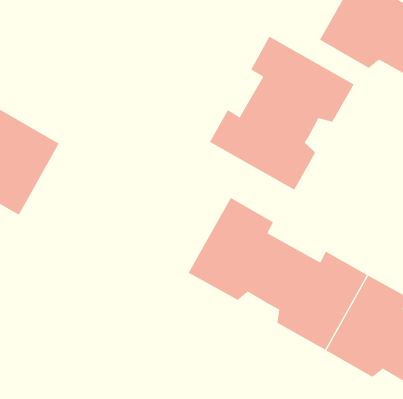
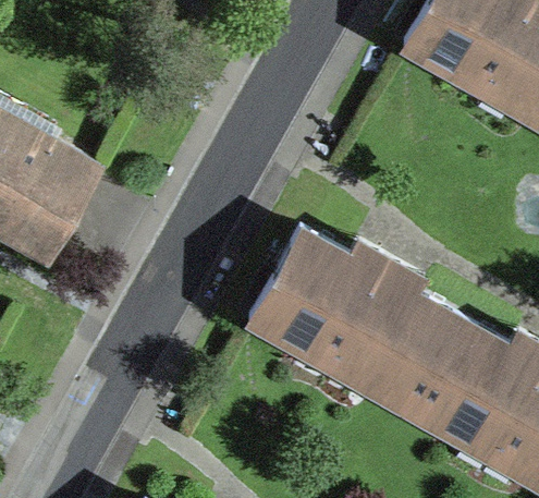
building: [209,36,354,190] -> none

